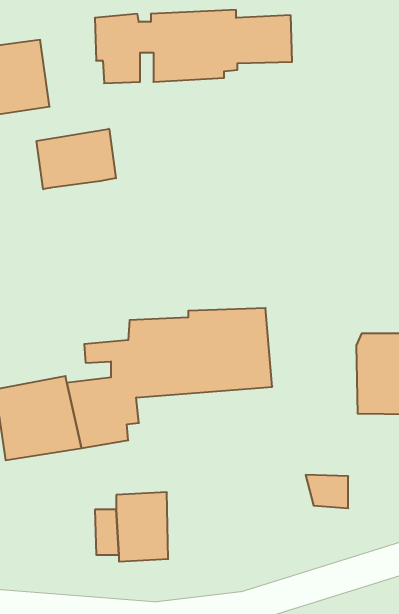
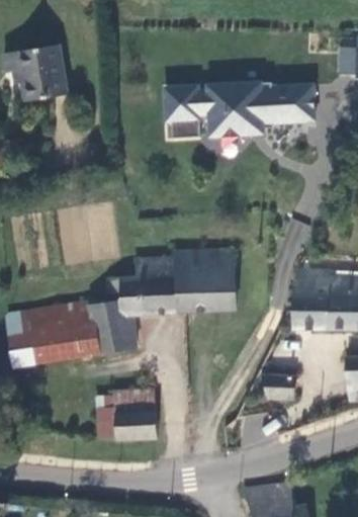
building: [95,10,292,83] -> [161,81,310,137]
building: [37,129,116,189] -> none

